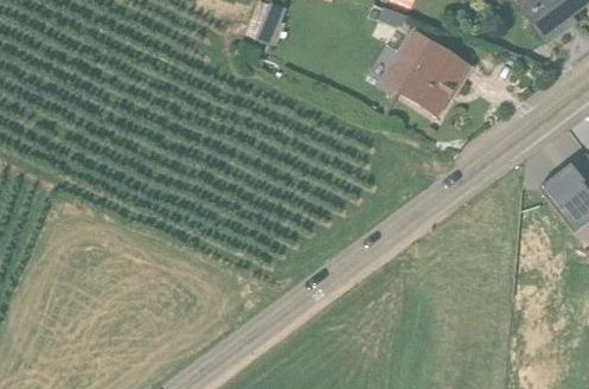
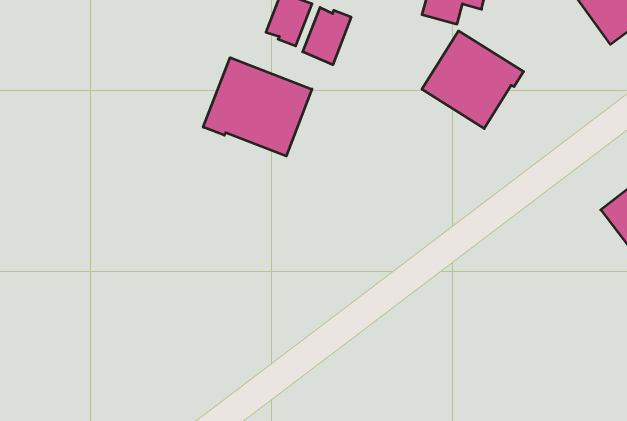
building: none -> [303,7,351,65]
building: none -> [203,58,312,156]

